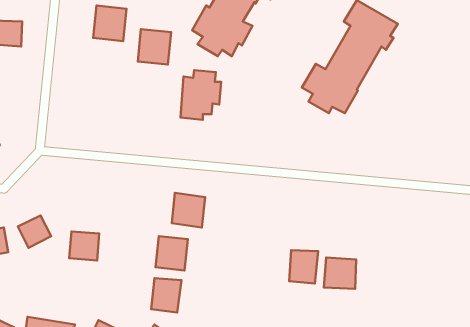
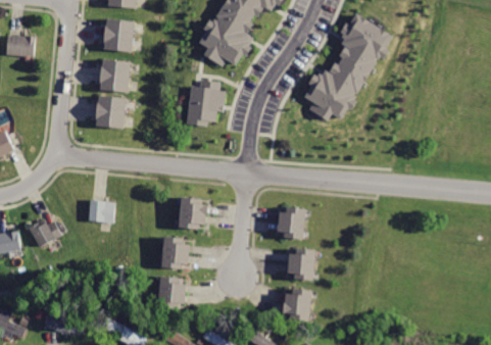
building: [138,29,171,65] -> [99,58,131,92]
building: none -> [96,95,128,131]
building: none -> [278,206,304,241]
building: [69,231,99,260] -> [89,198,117,226]
building: [324,257,356,289] -> [282,288,312,317]

